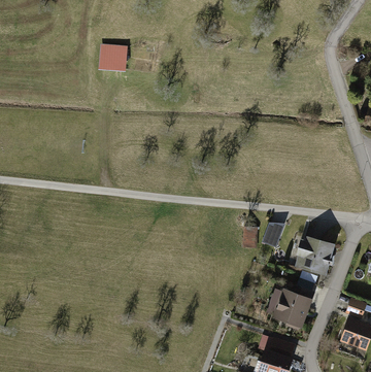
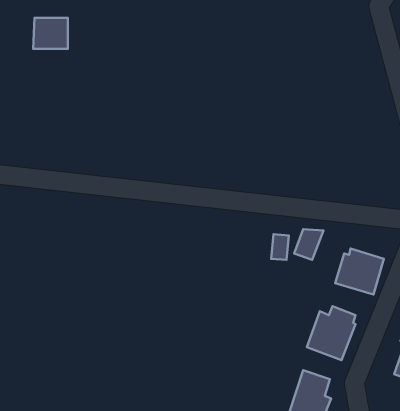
building: [101,45,129,70] -> [33,18,68,49]

